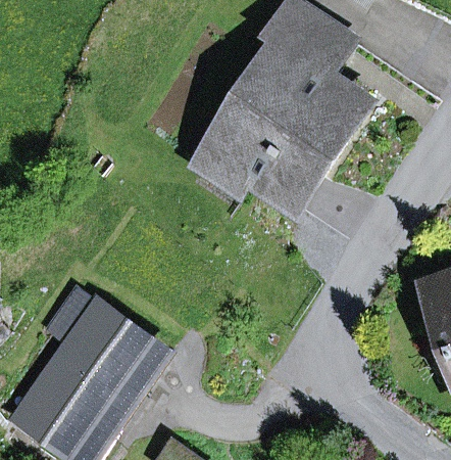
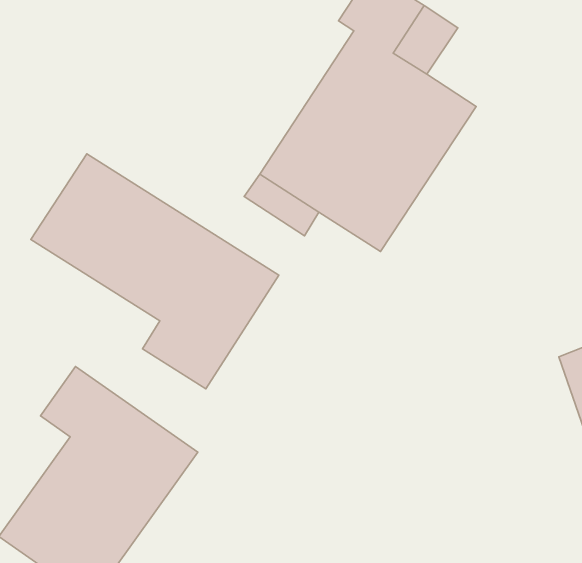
building: none -> [31,154,279,389]

